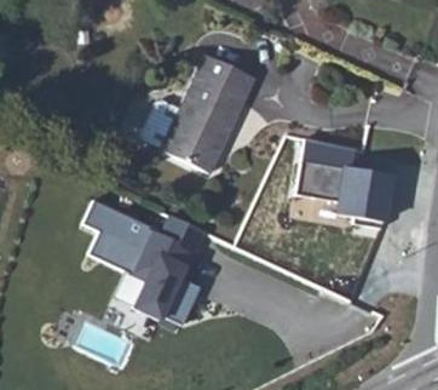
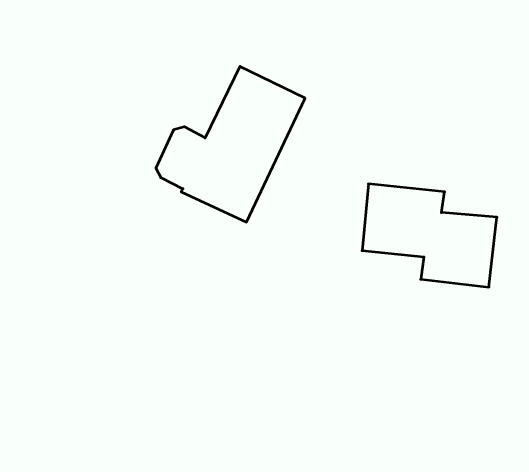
building: [87,201,201,326] -> none

